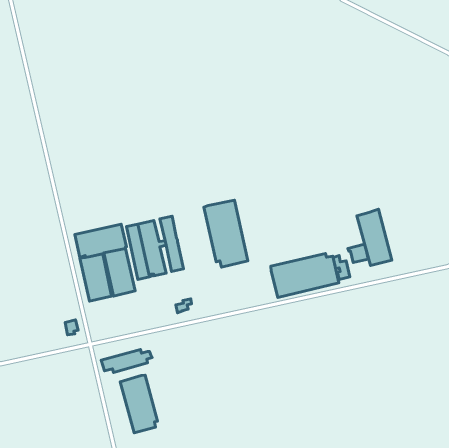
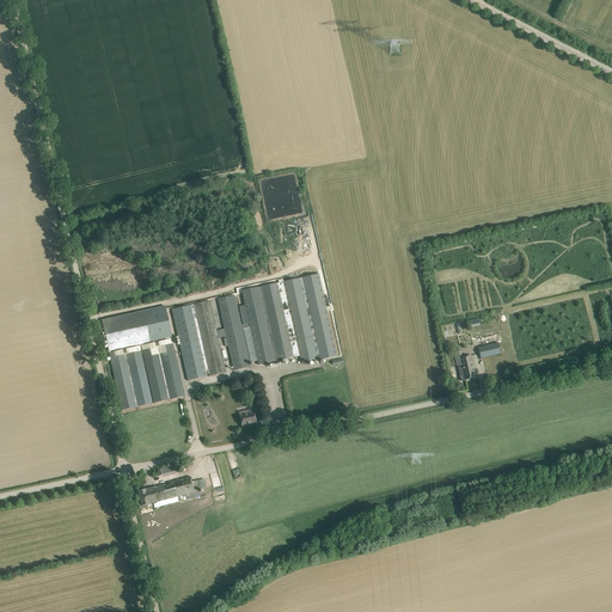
building: none -> [240,282,294,365]
building: [357,209,392,265] -> none
building: [271,254,339,297] -> none
building: [120,375,157,433] -> none

